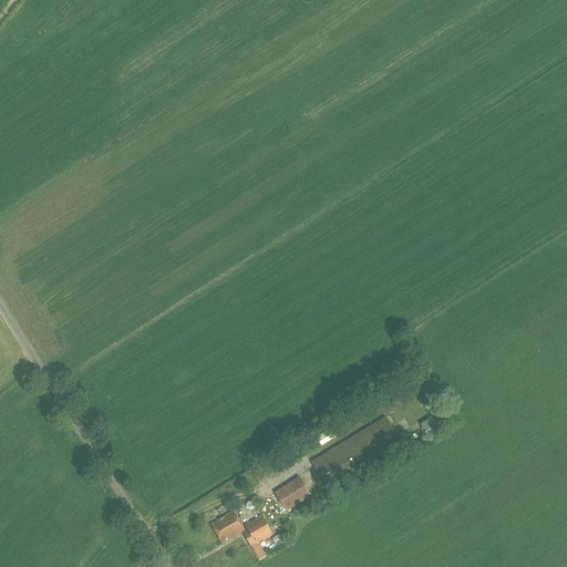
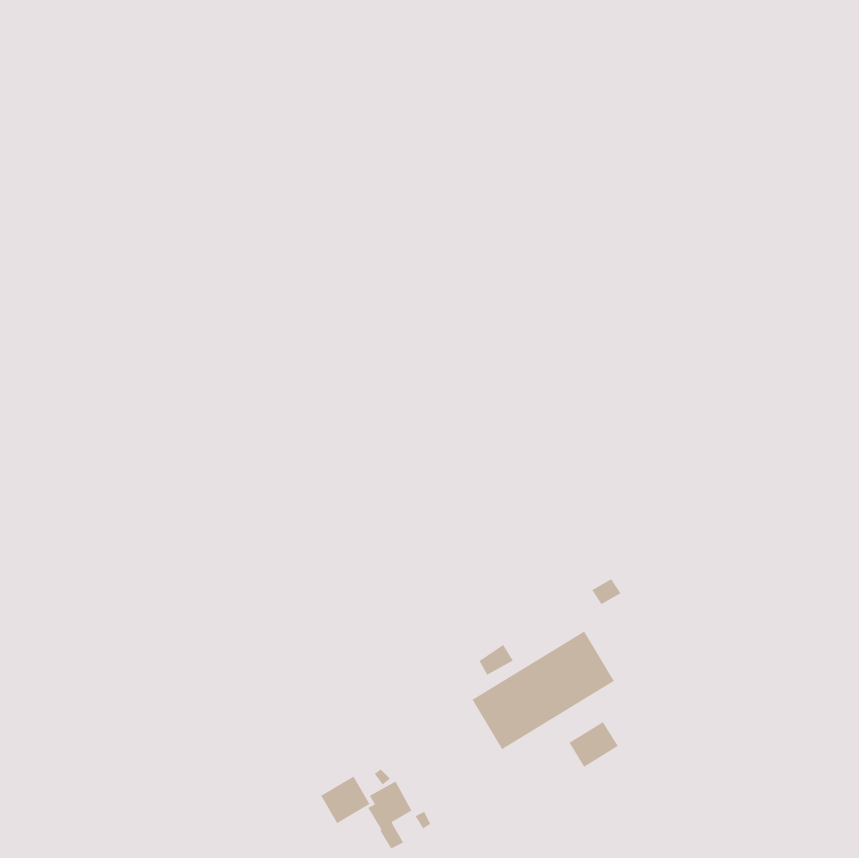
building: none -> [568,721,619,768]
building: [275,476,309,508] -> none

